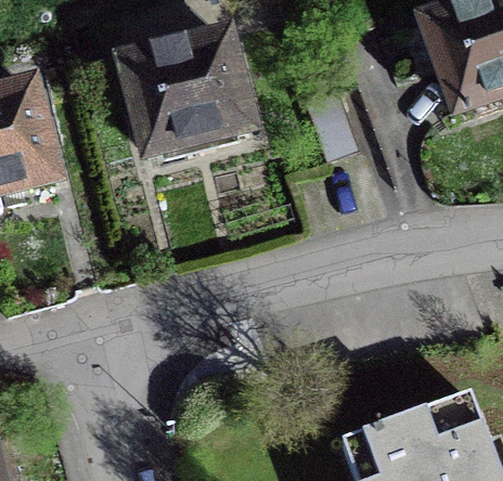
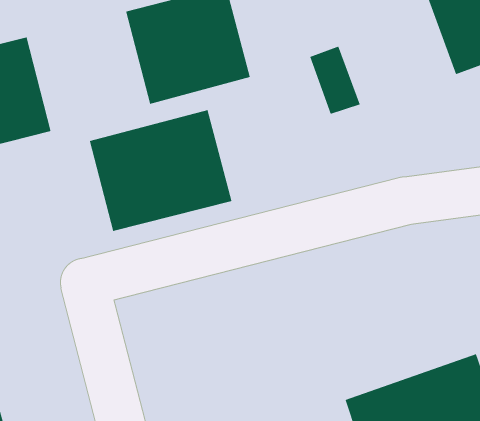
building: none -> [89,109,232,232]

